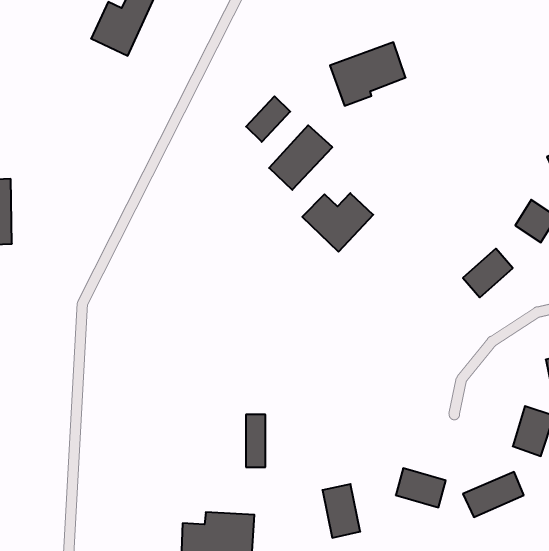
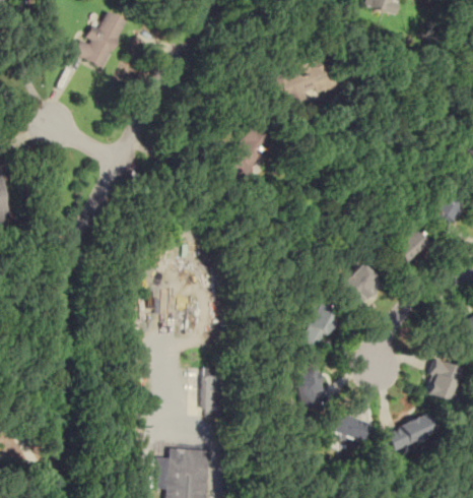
building: [246,96,290,142] -> none
building: [302,193,373,252] -> none
building: none -> [340,263,385,308]
building: none -> [301,303,341,349]
building: [322,484,360,538] -> [296,364,328,409]

